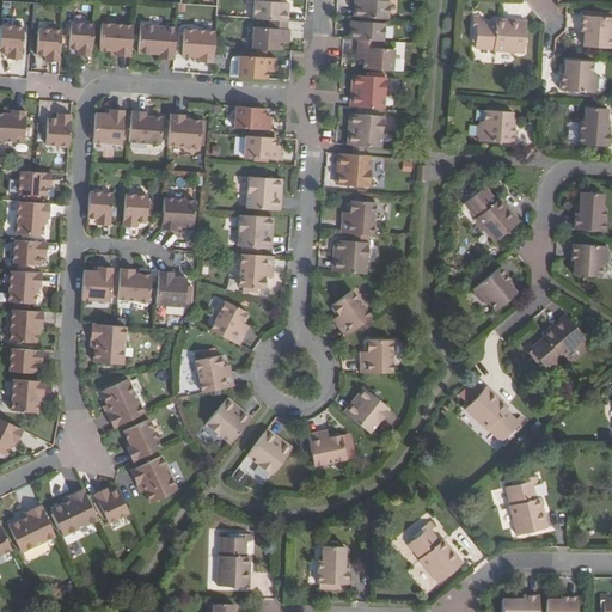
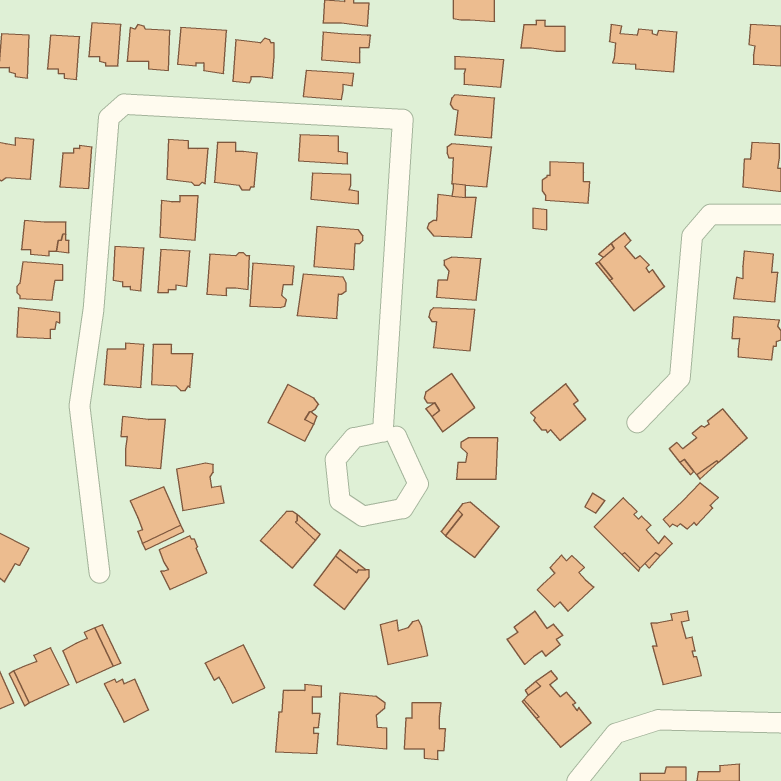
building: [348,16,382,39] -> [521,20,565,51]
building: [562,62,600,96] -> none
building: [93,109,123,143] -> [160,196,198,240]
building: [478,112,515,145] -> [542,162,590,203]
building: [239,253,274,288] -> [250,263,294,308]
building: [157,268,186,302] -> none
building: [475,268,518,312] -> [531,384,586,440]
building: [5,271,41,305] -> none
building: [6,311,43,343] -> none
building: [7,349,42,374] -> none
building: [196,355,233,392] -> [177,463,224,511]
building: none -> [663,483,718,529]
building: [7,385,43,411] -> none
building: [306,432,343,466] -> [380,620,428,665]
building: none -> [537,555,594,611]
building: [130,455,177,501] -> [205,645,265,703]
building: none -> [507,611,563,664]
building: [93,488,128,521] -> [104,679,149,722]
building: none -> [338,693,387,749]

